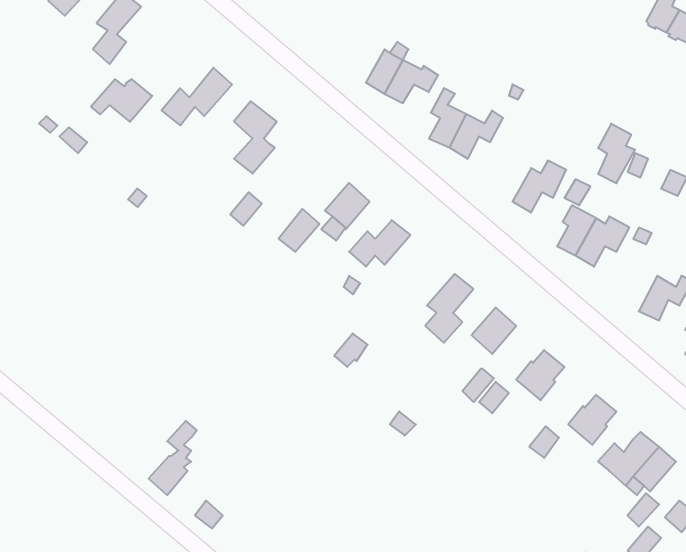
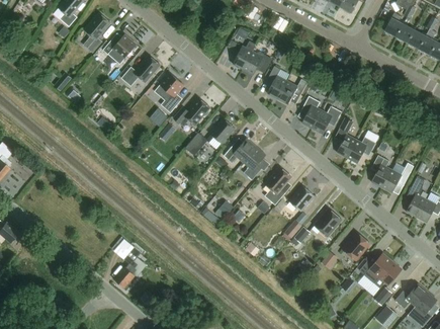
building: [91,79,152,122] -> [103,35,137,59]
building: [598,124,635,183] -> [302,96,323,129]
building: none -> [174,98,210,127]
building: none -> [243,147,266,180]
building: none -> [371,155,391,188]

